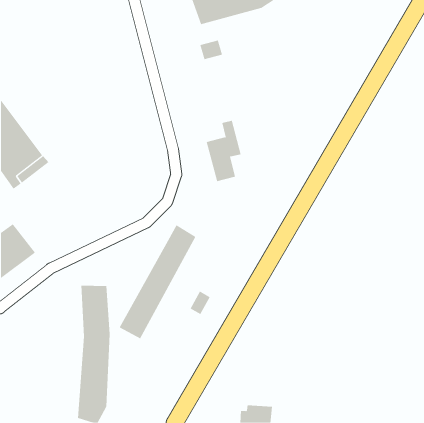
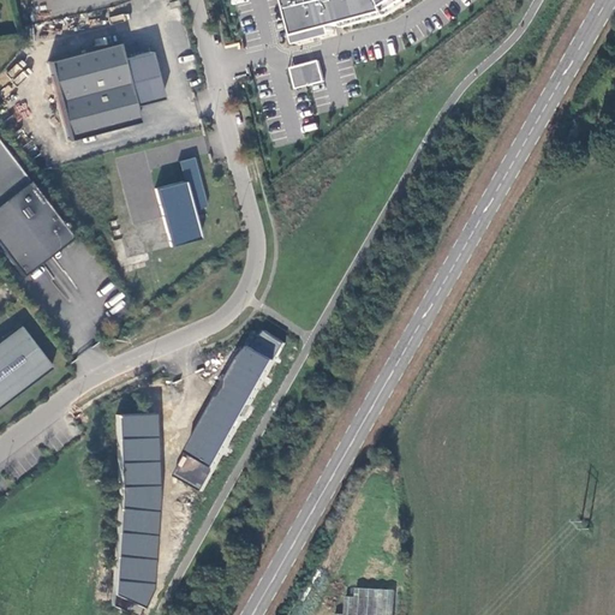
building: none -> [49,41,163,138]
building: [206,120,242,182] -> [156,155,208,244]
building: [190,291,210,315] -> none

